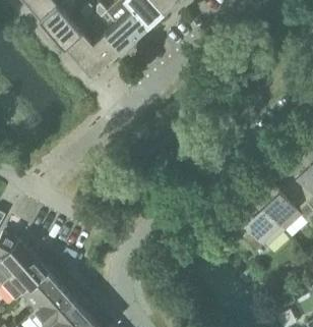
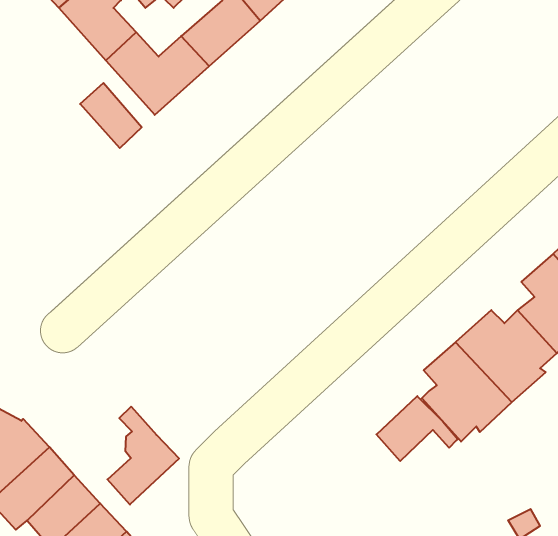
building: none -> [80,83,142,148]
building: none -> [376,396,458,461]
building: none -> [107,407,179,505]

